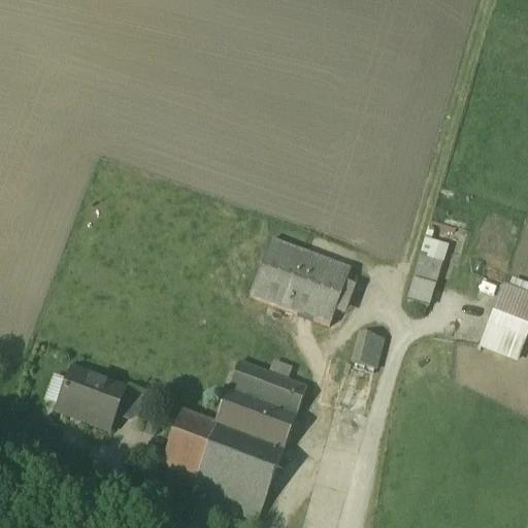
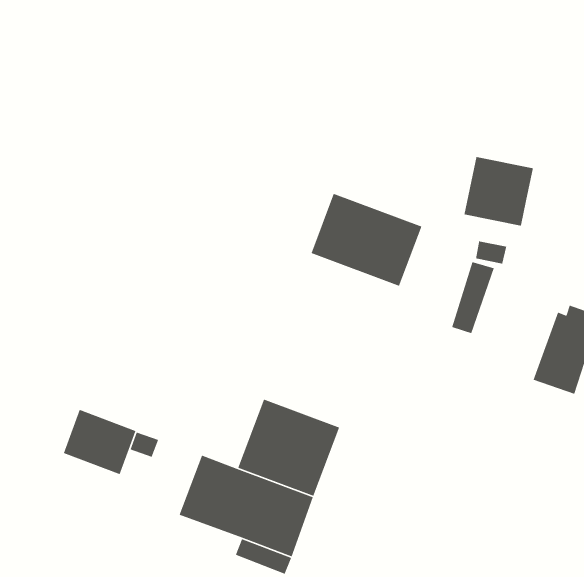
building: none -> [463,156,534,227]
building: [250,238,351,323] -> [310,193,423,287]
building: [353,331,384,365] -> none

